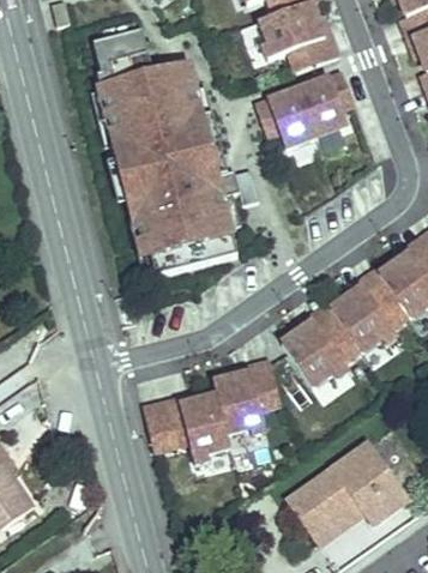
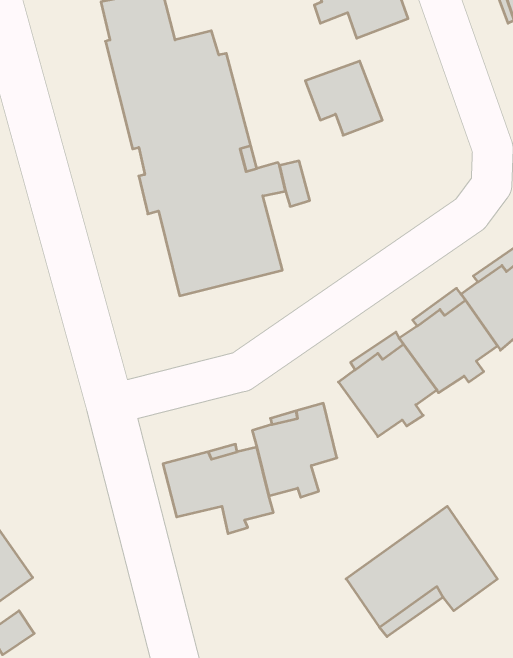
building: [297,74,352,138] -> none

